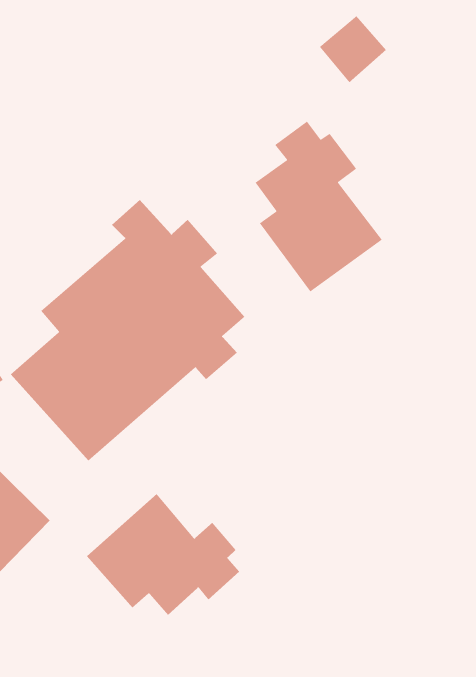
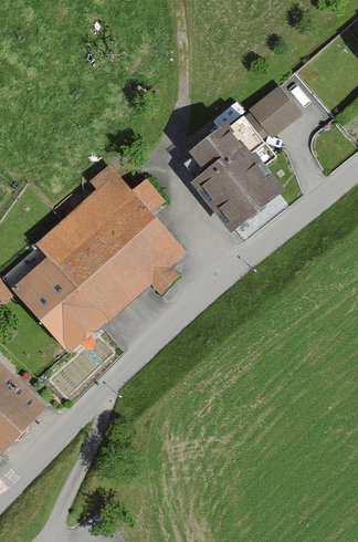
building: [319,15,387,83] -> [249,86,298,136]
building: [86,493,240,616] -> none

